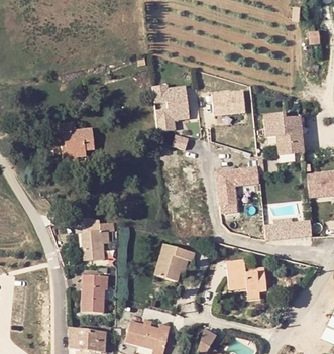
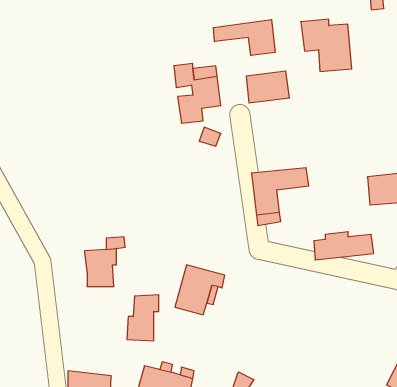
building: none -> [213,20,275,56]
building: [262,110,303,151] -> [301,19,352,72]
building: [58,121,93,156] -> none
building: [228,261,267,293] -> none
building: [82,276,107,313] -> [127,295,159,341]

